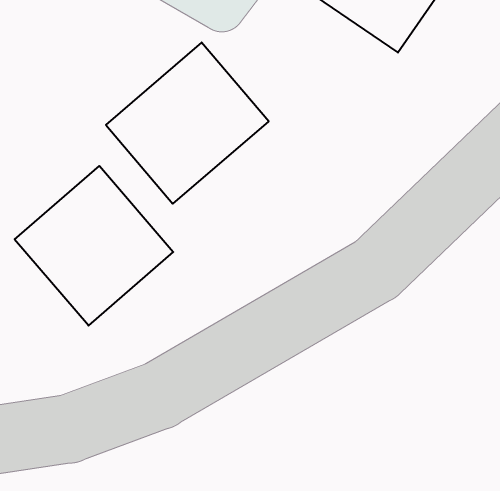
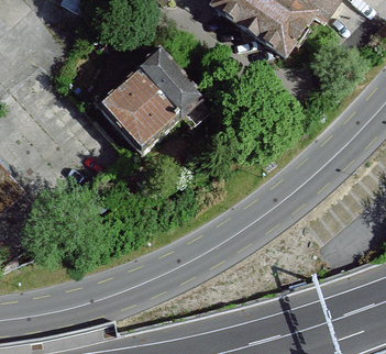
building: [15,166,173,326] -> none

